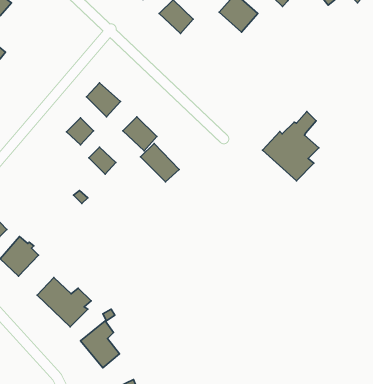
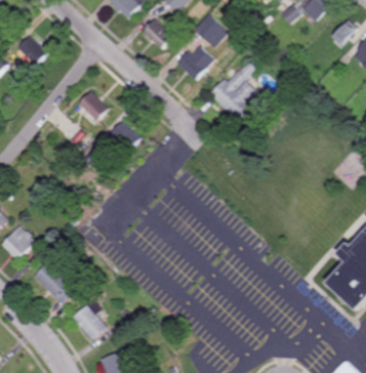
building: none -> [16,36,47,66]
building: none -> [174,46,212,80]
building: [262,112,319,181] -> [208,60,257,121]
building: [141,143,179,182] -> none

